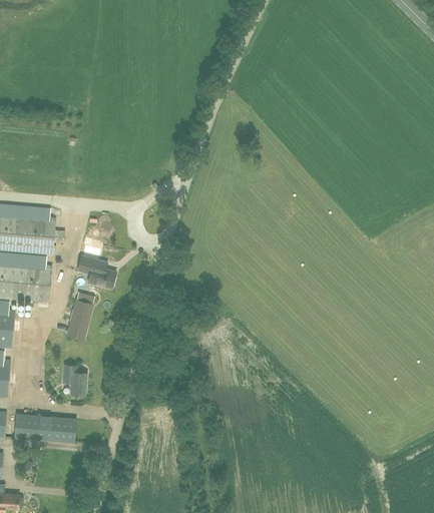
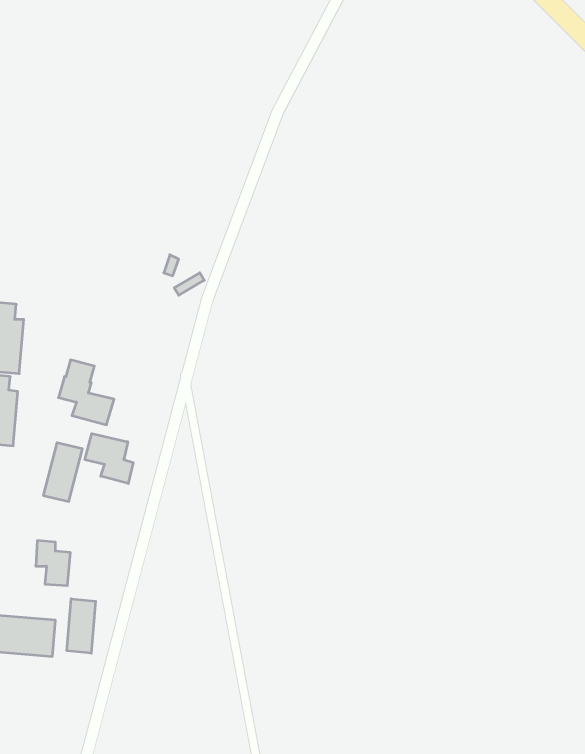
building: none -> [85,434,133,484]
building: none -> [67,599,96,653]

